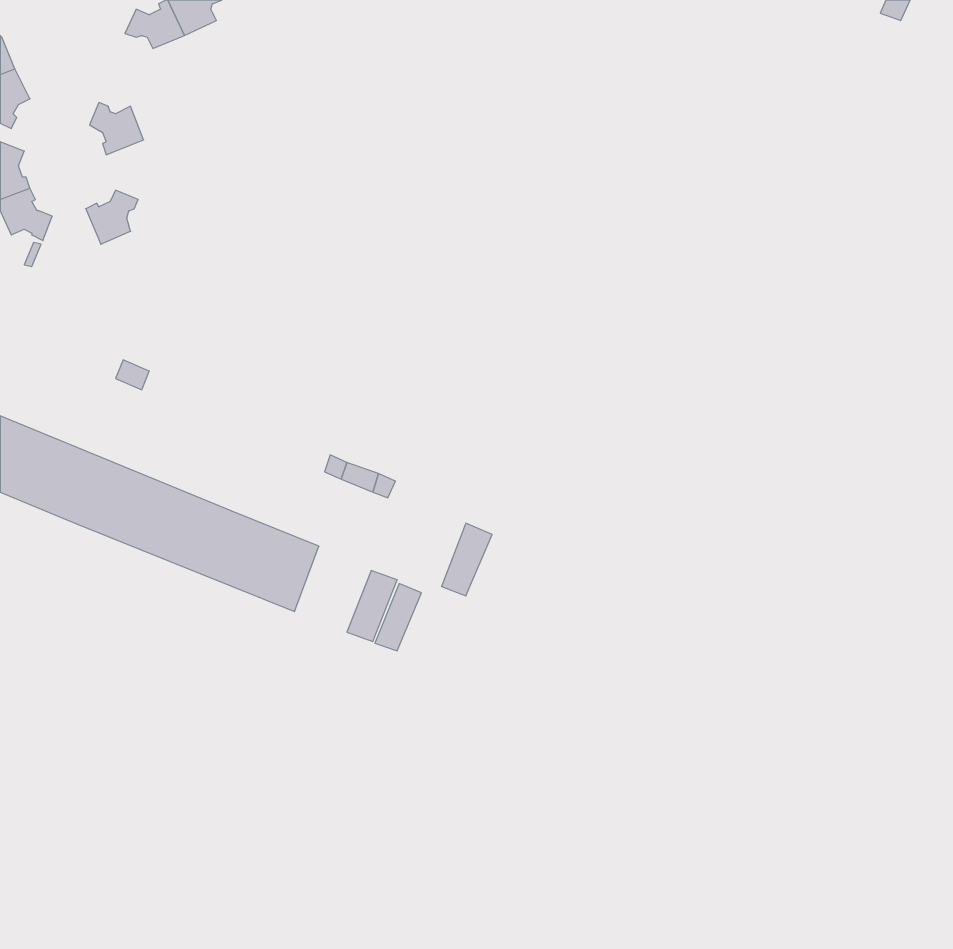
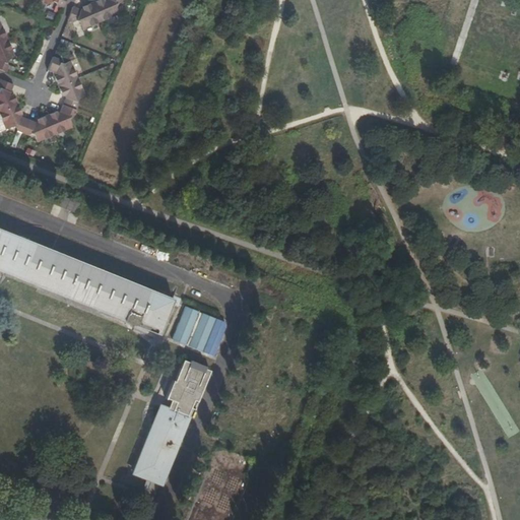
building: none -> [58,78,85,111]
building: none -> [23,116,55,142]
building: [442,523,492,596] -> [173,306,200,345]
building: none -> [132,361,208,482]

